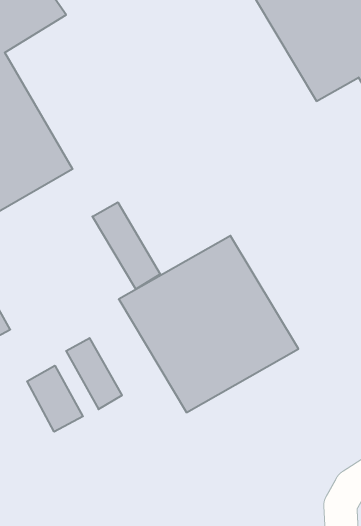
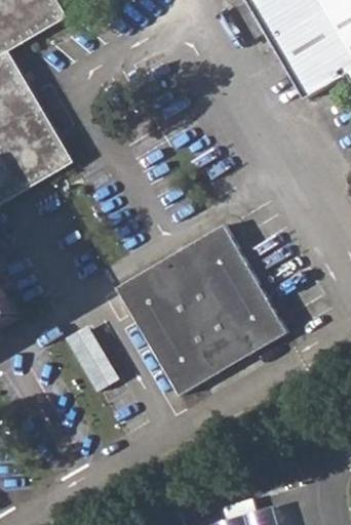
building: [92,202,160,289] -> none
building: [27,366,83,432] -> none

